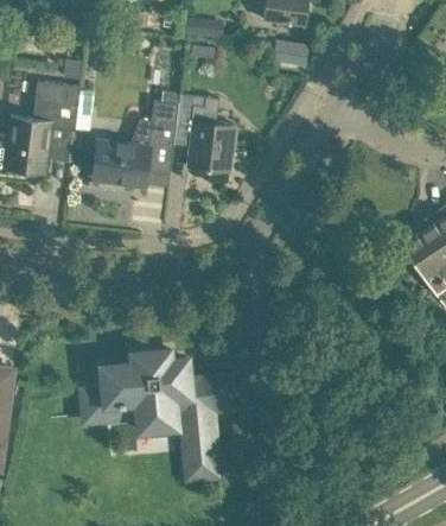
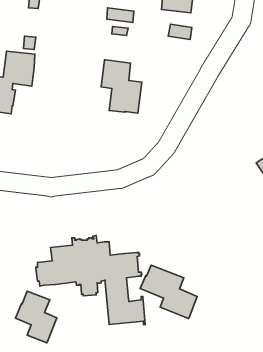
building: [93,93,180,186] -> none
building: none -> [140,265,197,319]
building: none -> [15,291,57,343]

